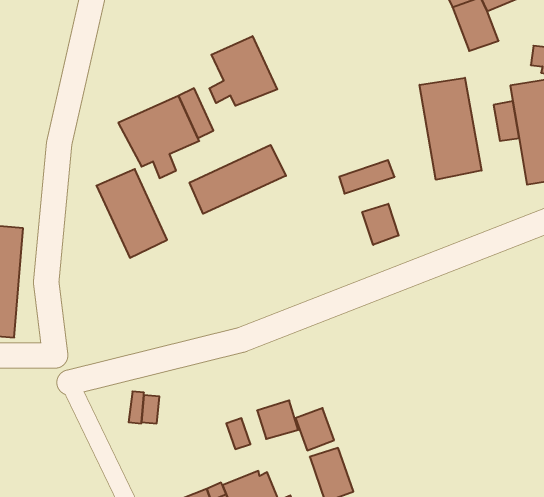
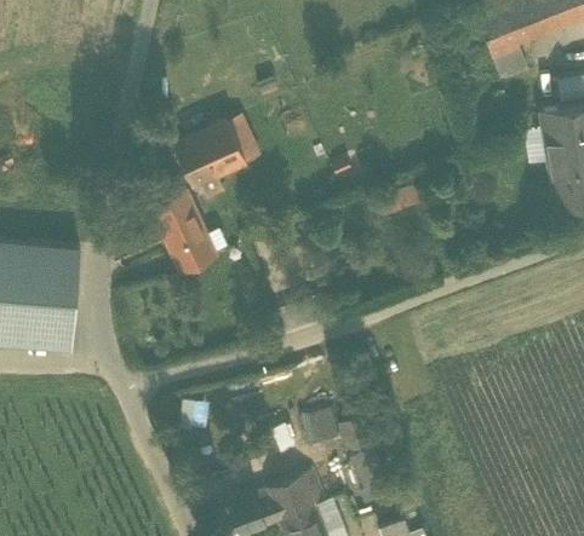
building: [209,36,277,106] -> none
building: [420,78,482,180] -> none
building: [190,145,286,214] -> none
building: [362,204,399,245] -> none

